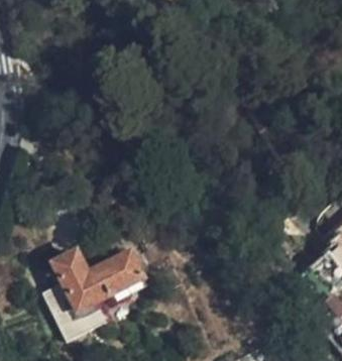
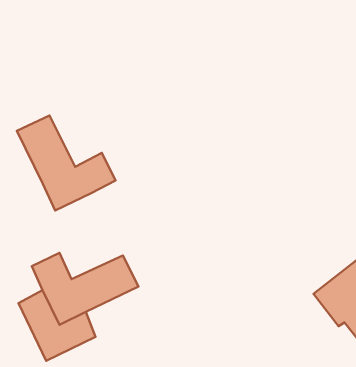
building: none -> [17,116,115,211]

